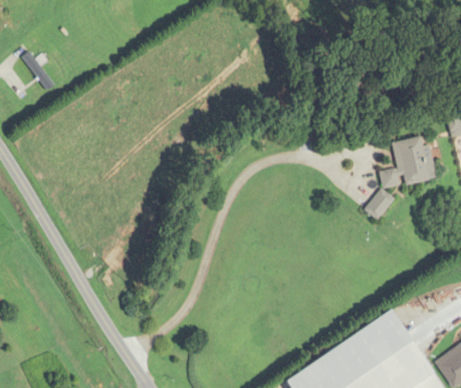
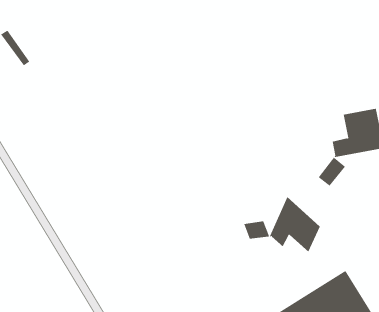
building: none -> [244,196,320,253]

